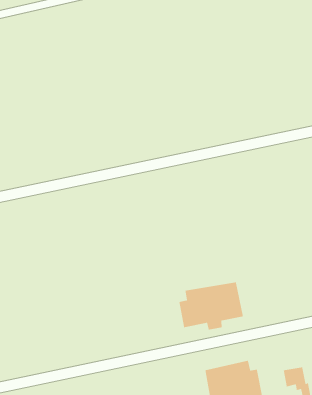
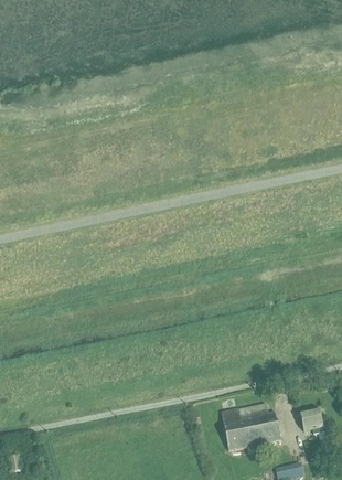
building: [178,282,244,331] -> none

